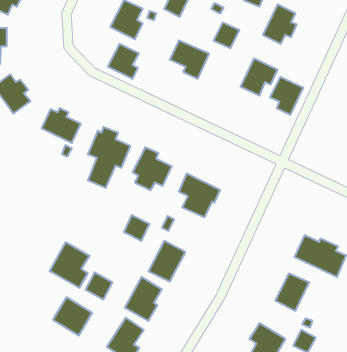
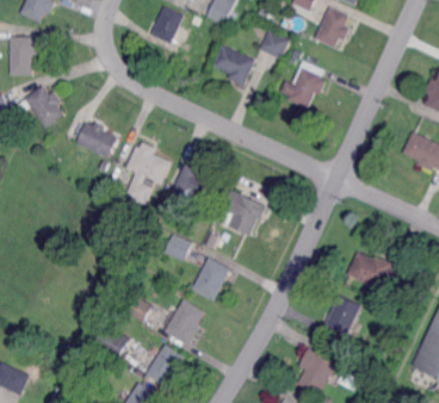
building: [108,44,139,79] -> none
building: [270,77,303,115] -> none
building: [50,242,90,288] -> none

